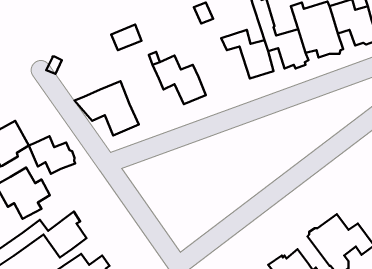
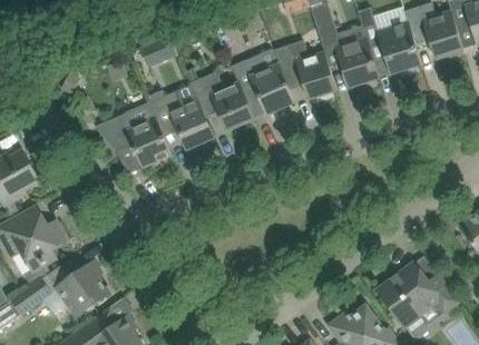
building: none -> [231,49,294,114]
building: none -> [146,90,213,148]
building: [29,136,75,174] -> none

